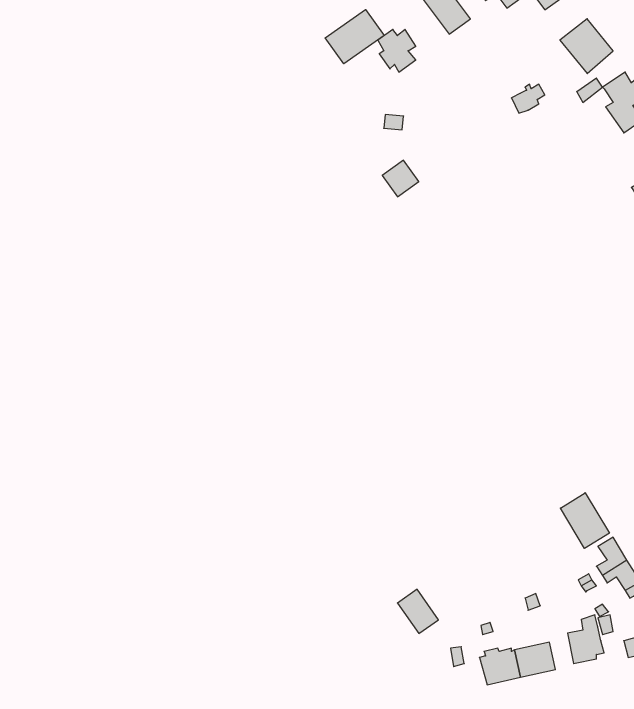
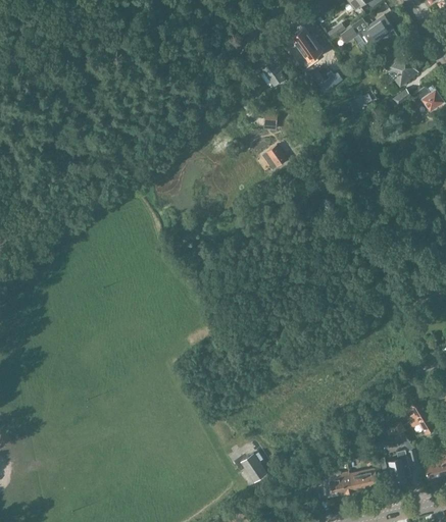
building: [325,10,384,64] -> none
building: [560,493,609,548] -> none
building: [397,589,438,633] -> [242,454,269,483]

